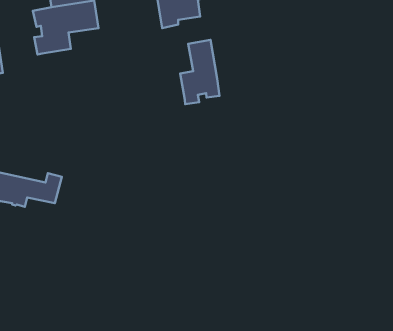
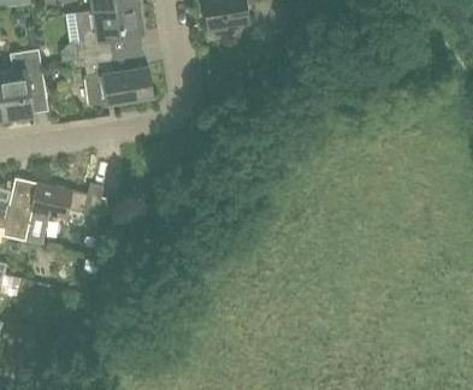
building: [180,40,220,104] -> none
building: none -> [84,54,153,105]

